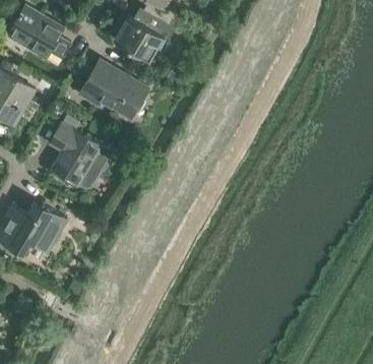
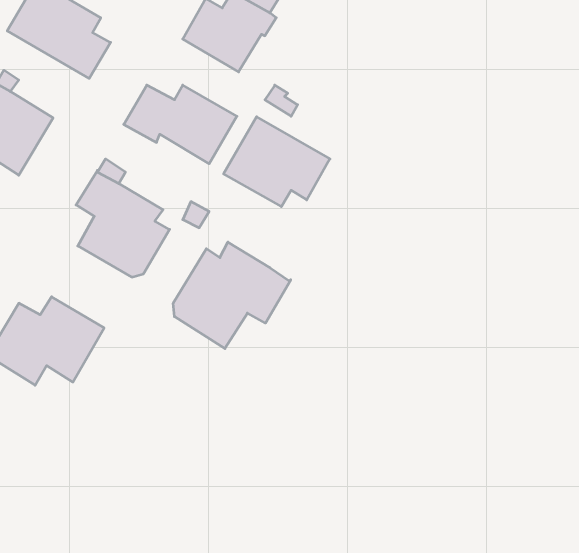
building: none -> [224,117,330,207]
building: none -> [173,242,291,349]

